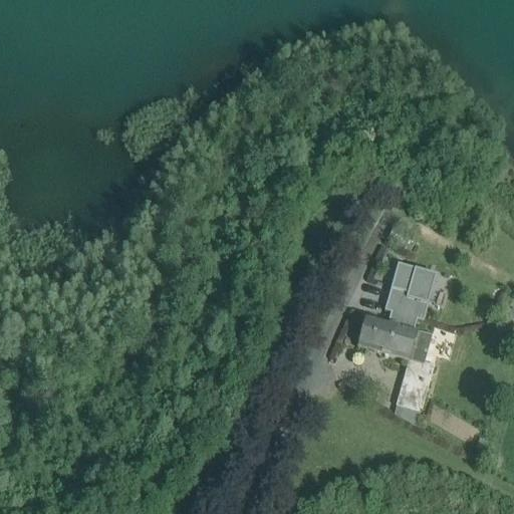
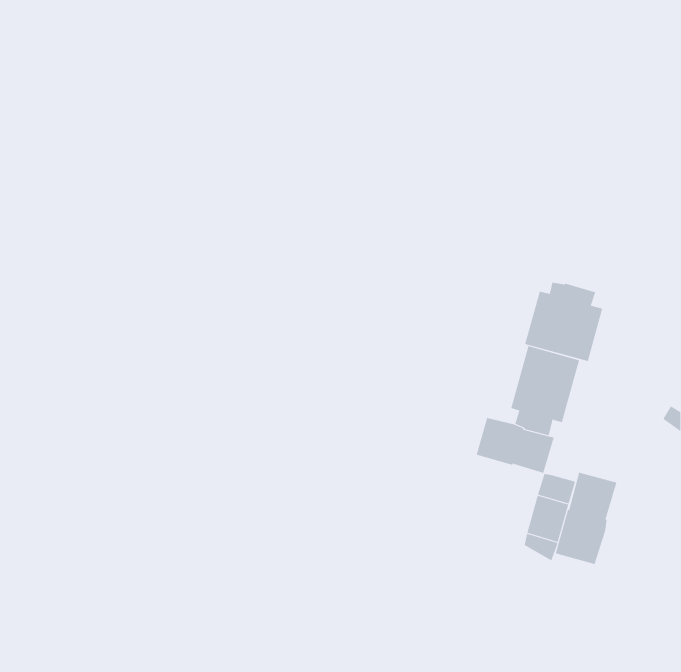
building: none -> [525,282,603,362]
building: none -> [555,472,617,565]

